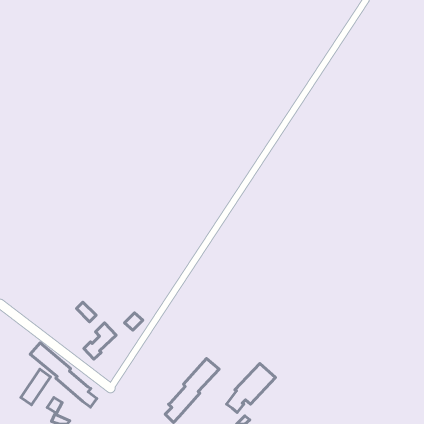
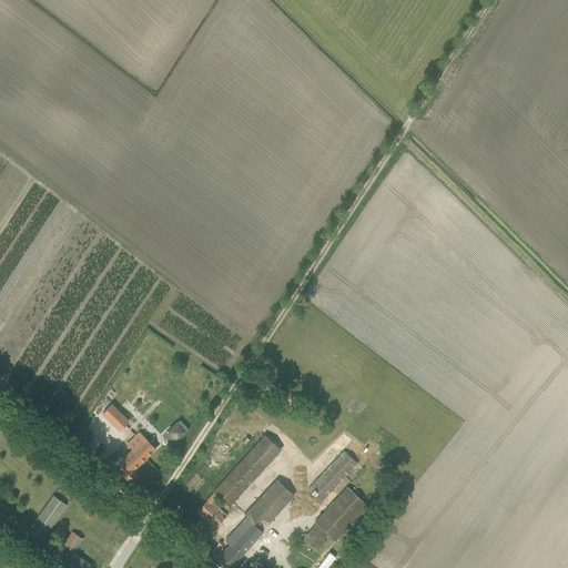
building: none -> [196,436,282,528]
building: none -> [307,450,358,501]
building: [30,343,97,407] -> none

